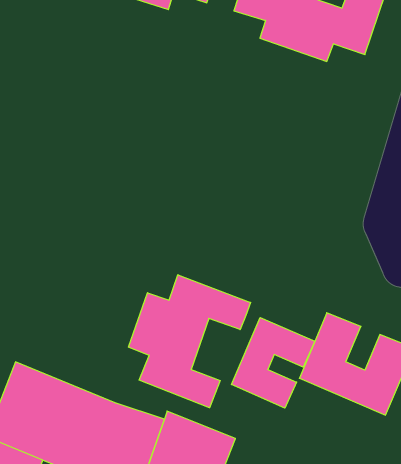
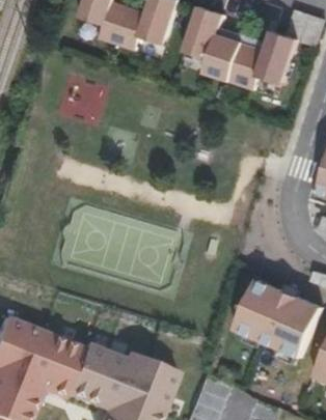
building: [129,275,251,408] -> none
building: [232,318,315,408] -> none

